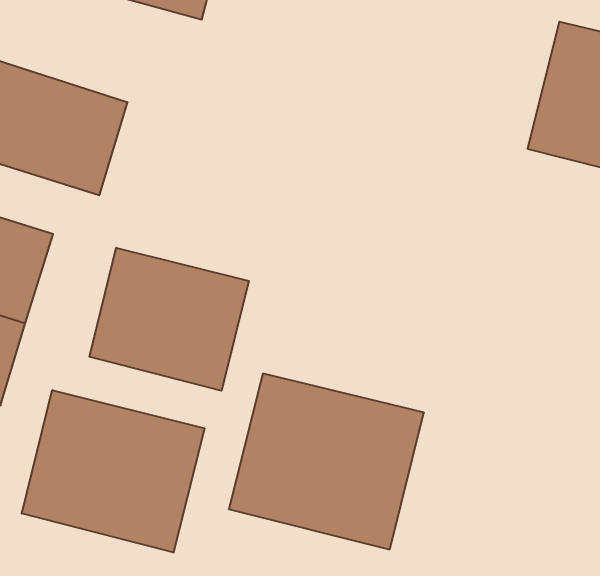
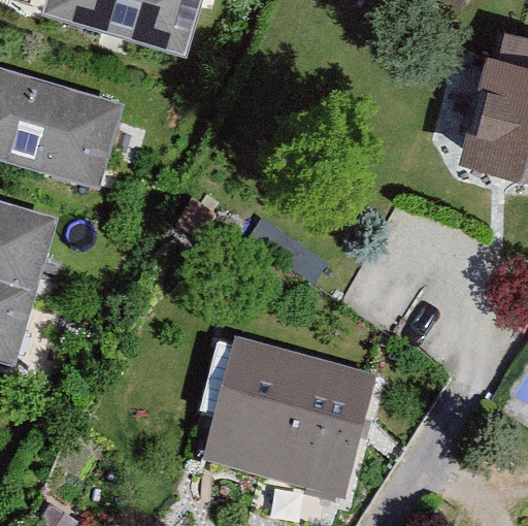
building: [89,248,249,391] -> none
building: [22,390,204,553] -> none

